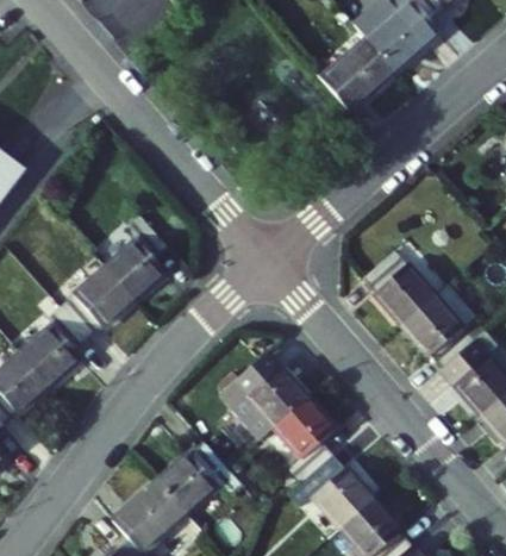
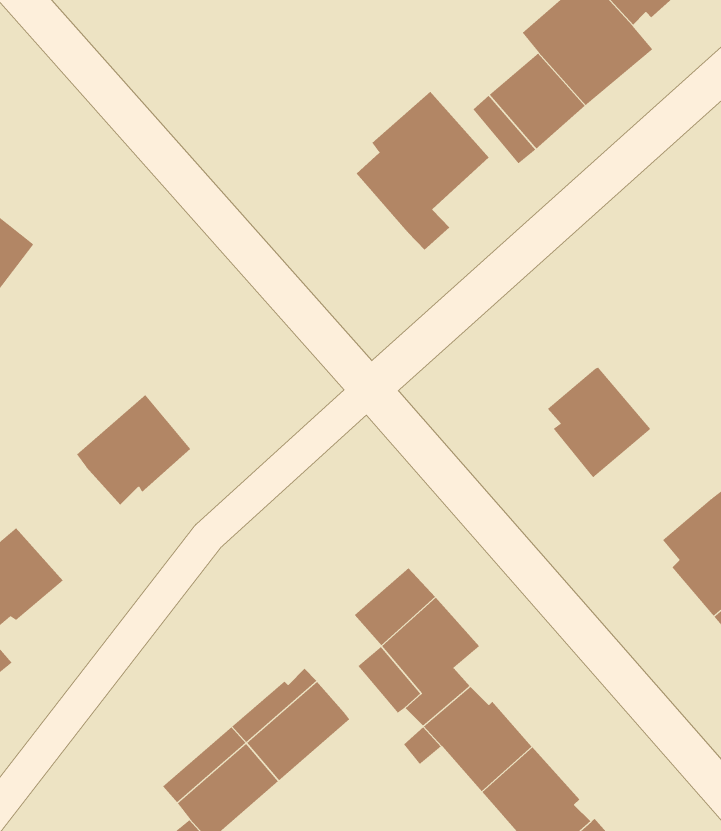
building: none -> [356,91,490,251]
building: [107,205,170,296] -> none
building: [399,283,476,356] -> none
building: [23,308,95,382] -> none
building: [212,361,279,405] -> none

